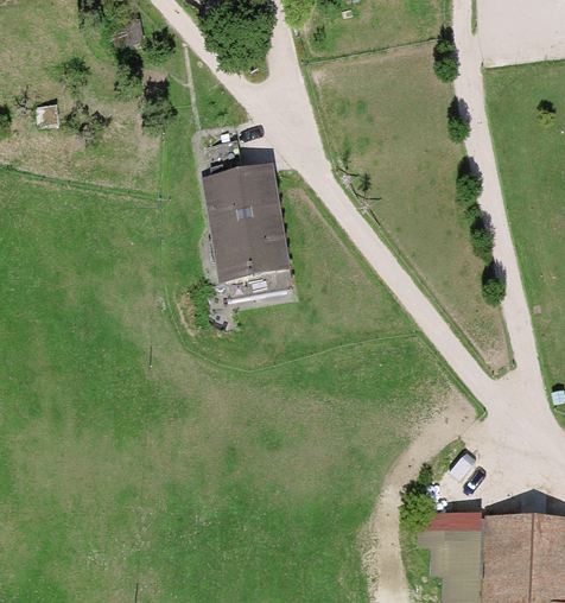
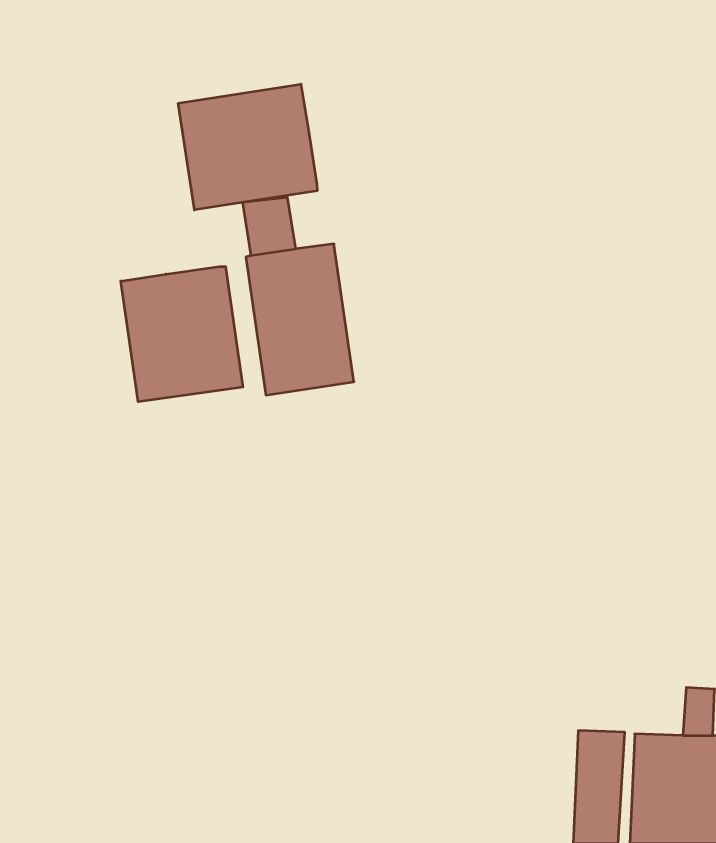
building: none -> [178,84,317,210]
building: none -> [121,267,243,402]

